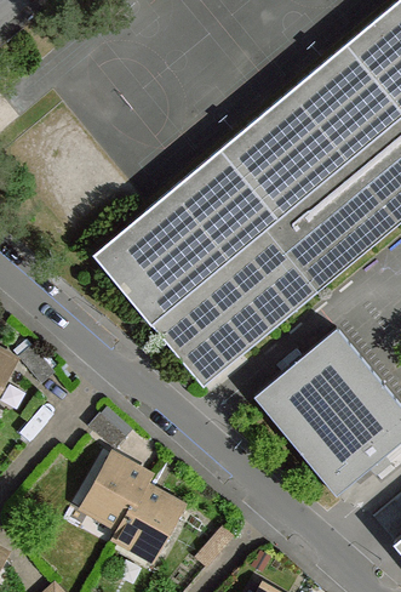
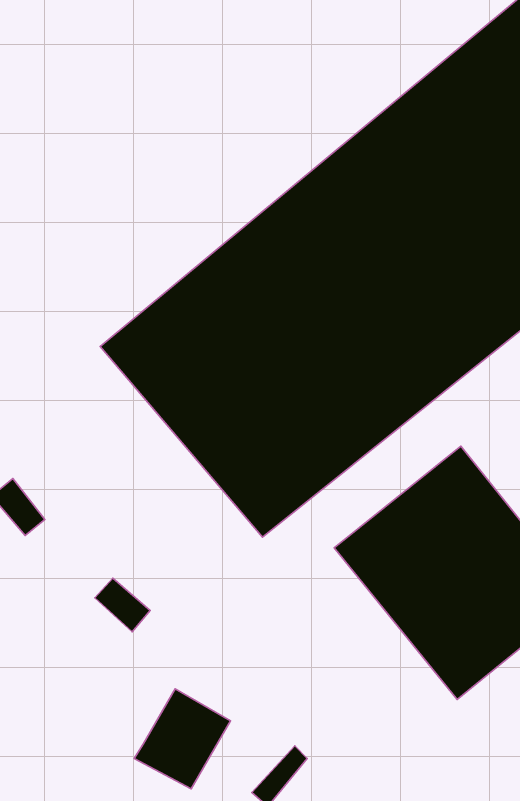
building: [85,457,150,525] -> none

